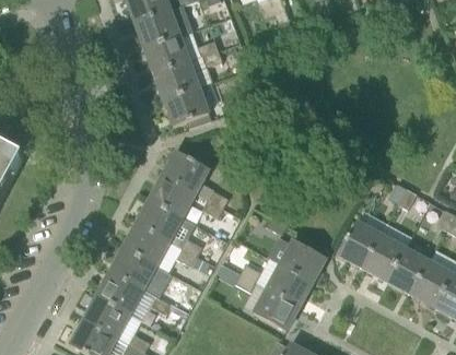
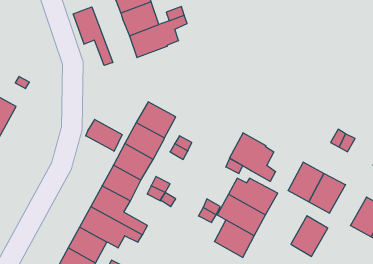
building: none -> [73,7,113,65]
building: [163,86,208,126] -> none
building: none -> [86,119,122,151]
building: none -> [229,133,276,181]
building: [386,247,429,294] -> [291,216,328,256]

